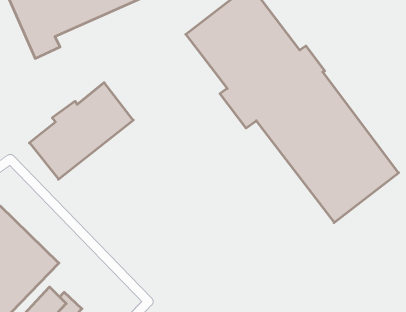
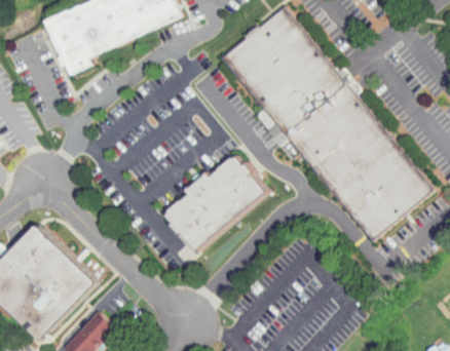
building: [29,83,133,179] -> [165,153,268,248]

